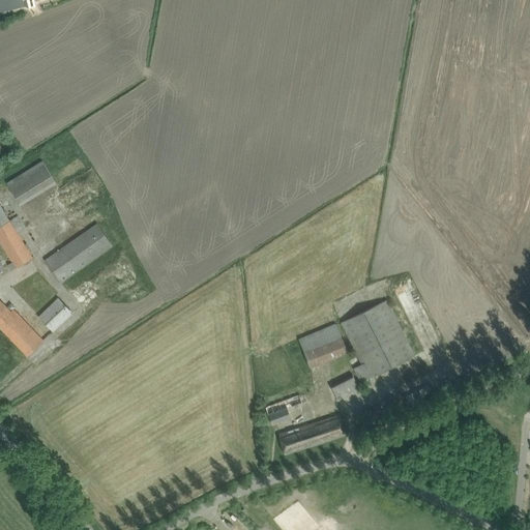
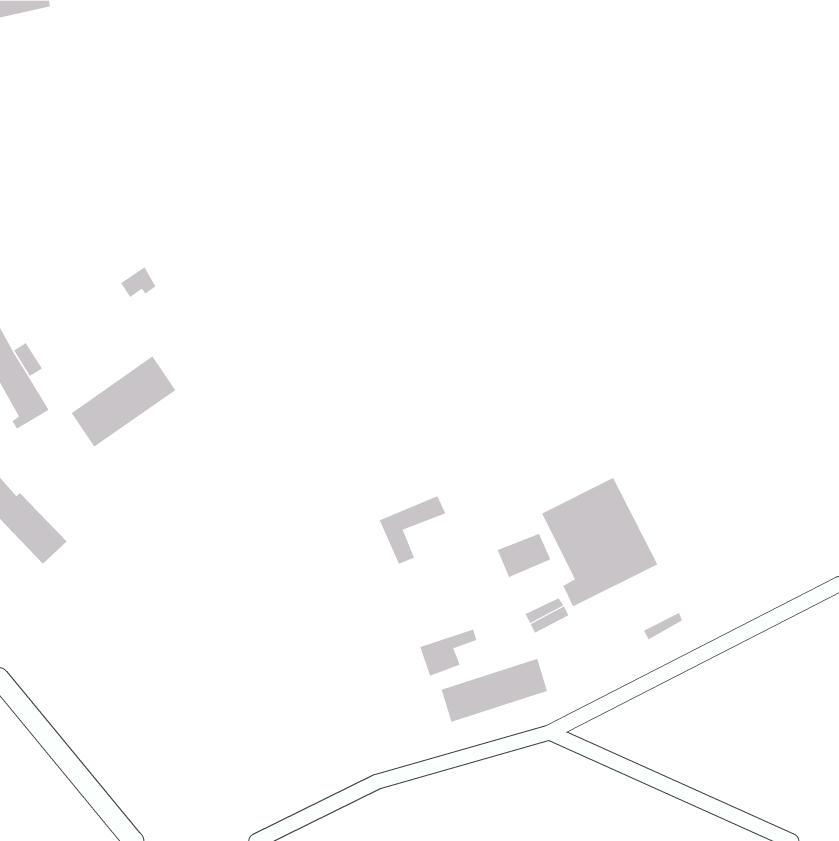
building: [6,160,55,204] -> none
building: [38,299,71,331] -> none
building: [297,324,340,367] -> [379,495,446,564]

